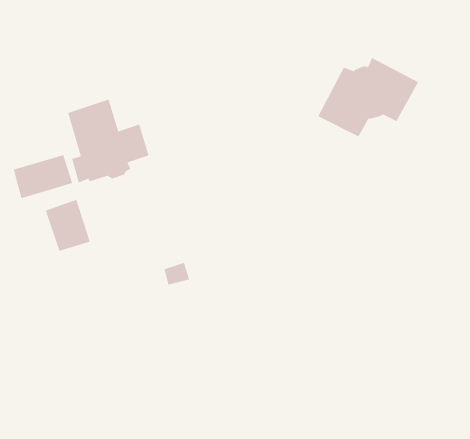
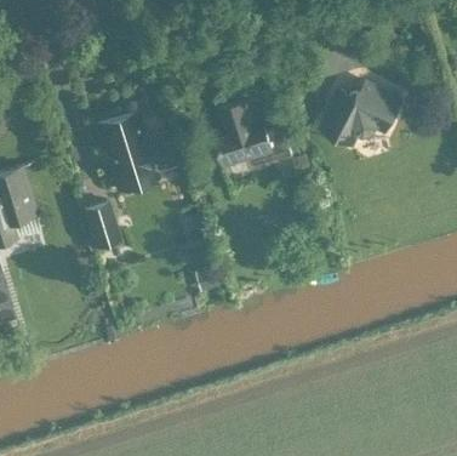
building: none -> [208,98,295,166]
building: [13,154,73,199] -> none

